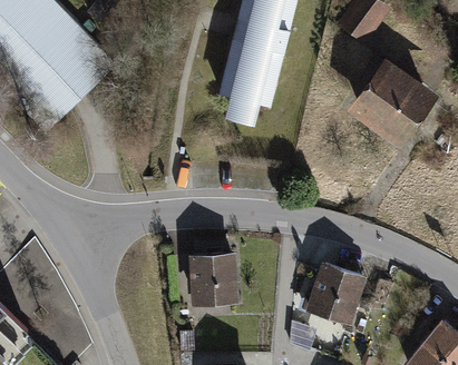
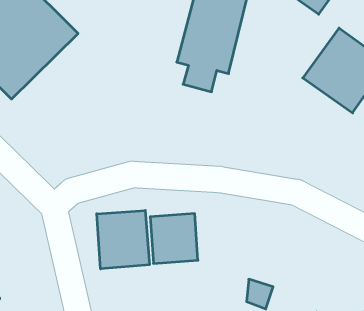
building: none -> [97,210,149,269]
building: [308,263,368,324] -> none

